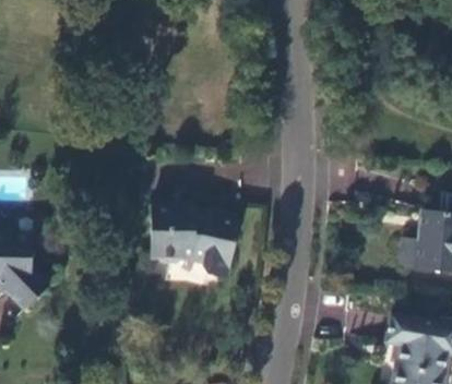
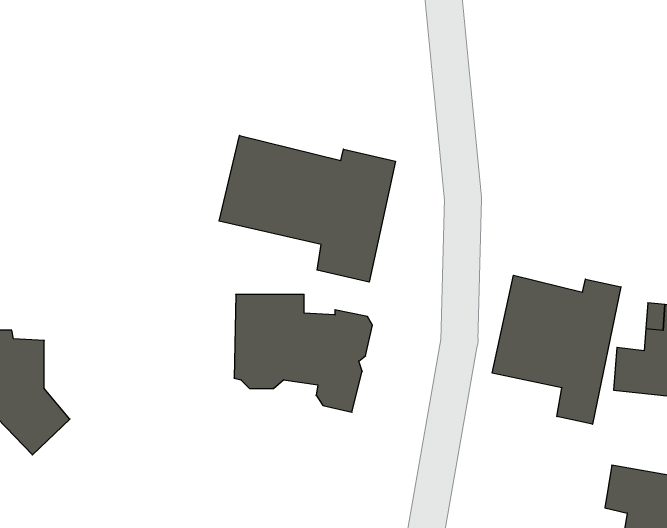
building: none -> [219,135,395,282]
building: none -> [492,275,621,424]

